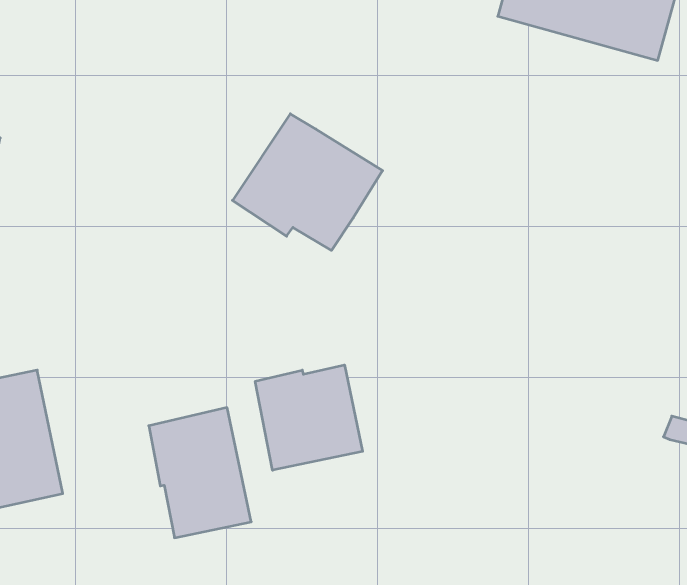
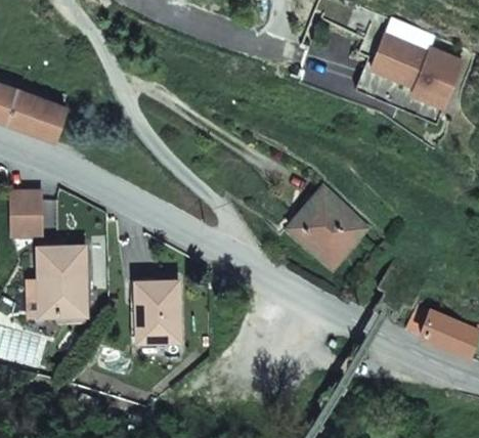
building: [232,114,383,250] -> [282,187,364,263]
building: [255,365,363,470] -> none

